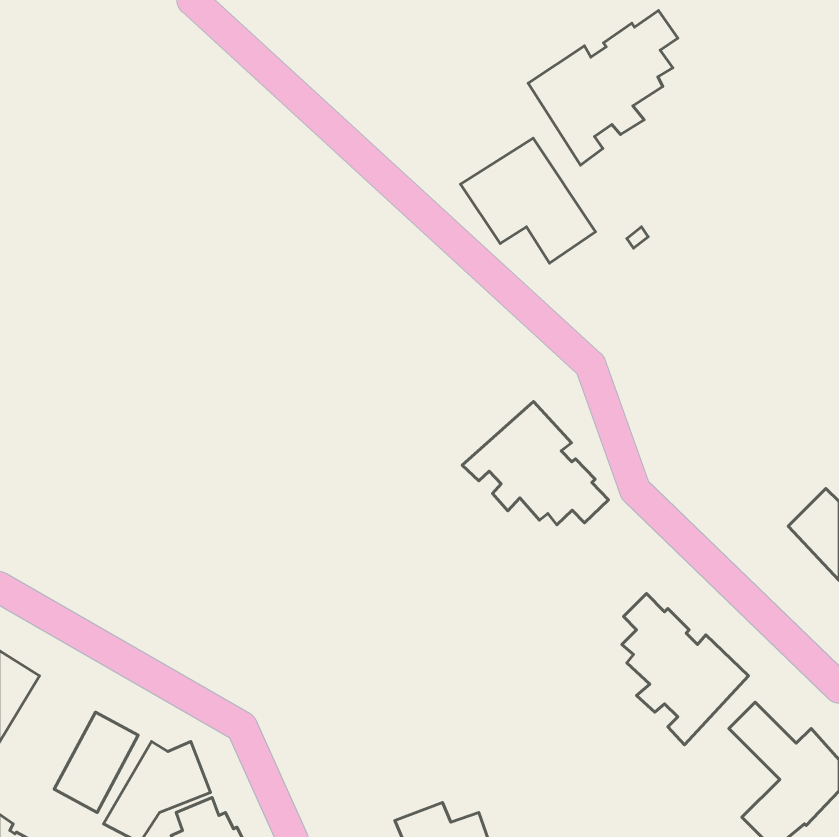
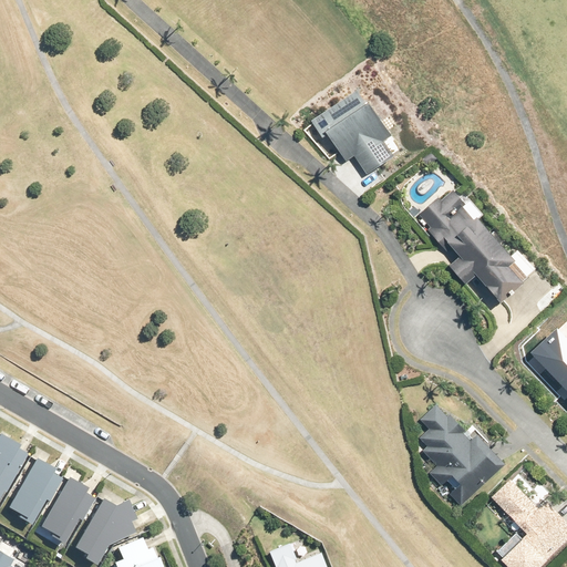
building: [528,10,678,165] -> none
building: none -> [417,187,522,311]
building: [462,401,608,525] -> none
building: none -> [6,463,62,530]

